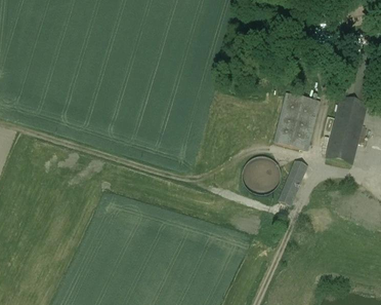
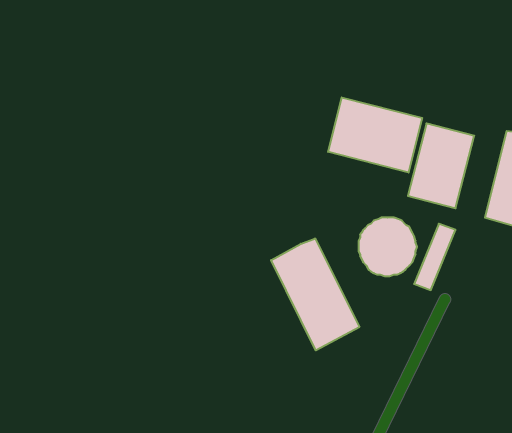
building: none -> [328,97,422,173]
building: none -> [271,238,359,350]

